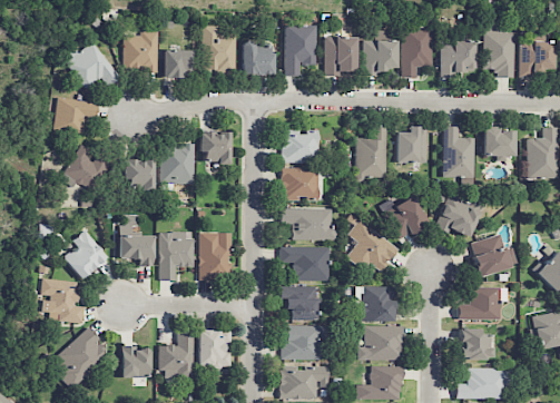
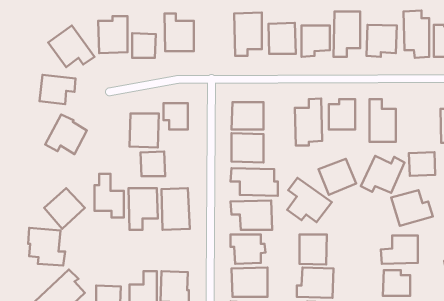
building: [243,42,274,75] -> none
building: [483,129,514,157] -> [409,152,435,176]
building: [125,159,154,188] -> [140,152,165,176]

